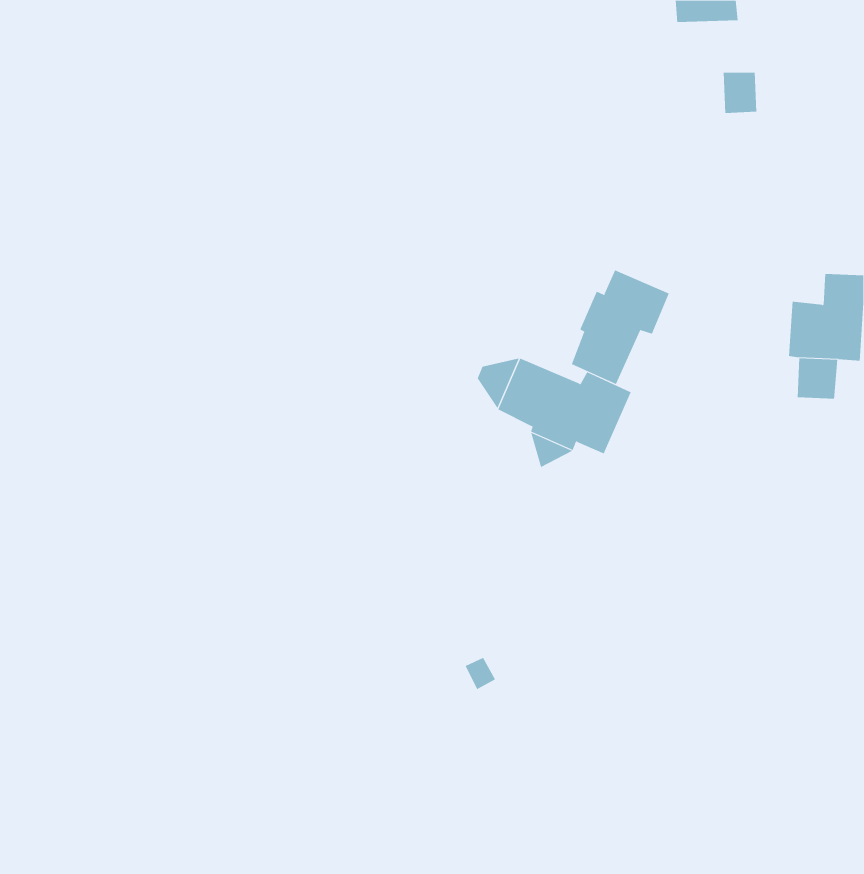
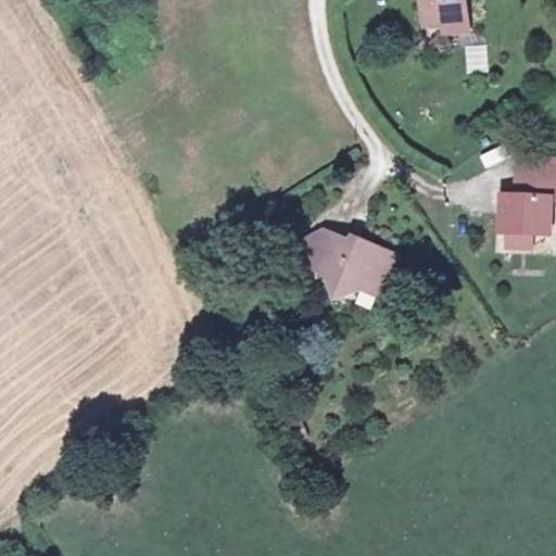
building: [571,269,670,385] -> none

